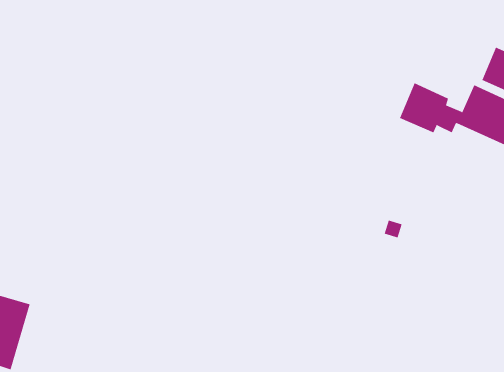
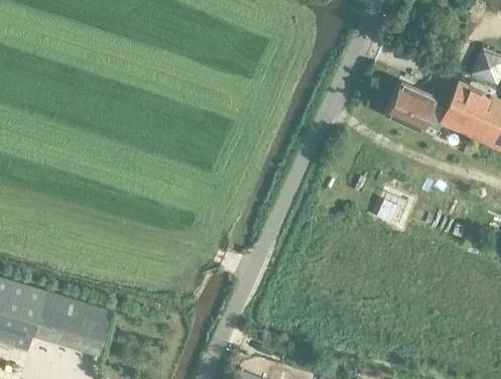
building: none -> [42,296,111,346]

